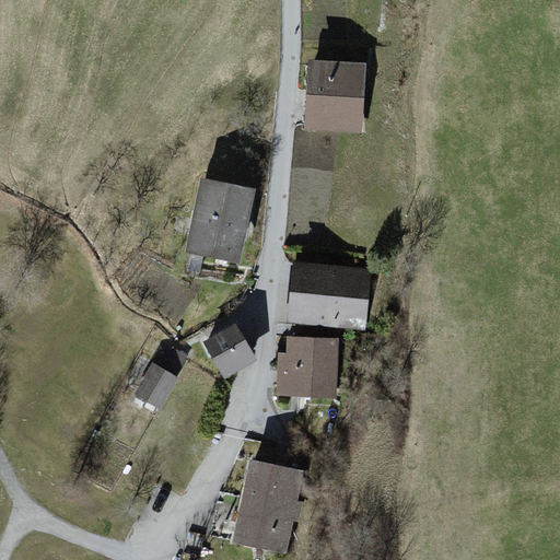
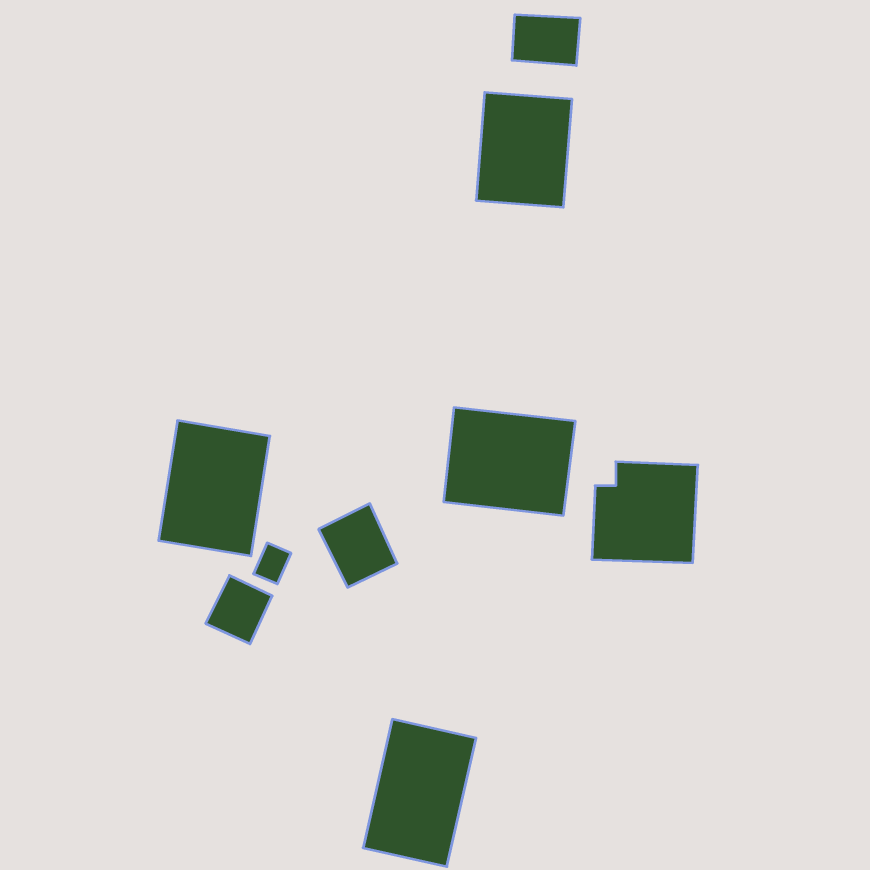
building: none -> [512,15,580,66]
building: [185,178,256,265] -> [159,421,270,556]
building: [272,335,340,399] -> [592,462,698,563]

